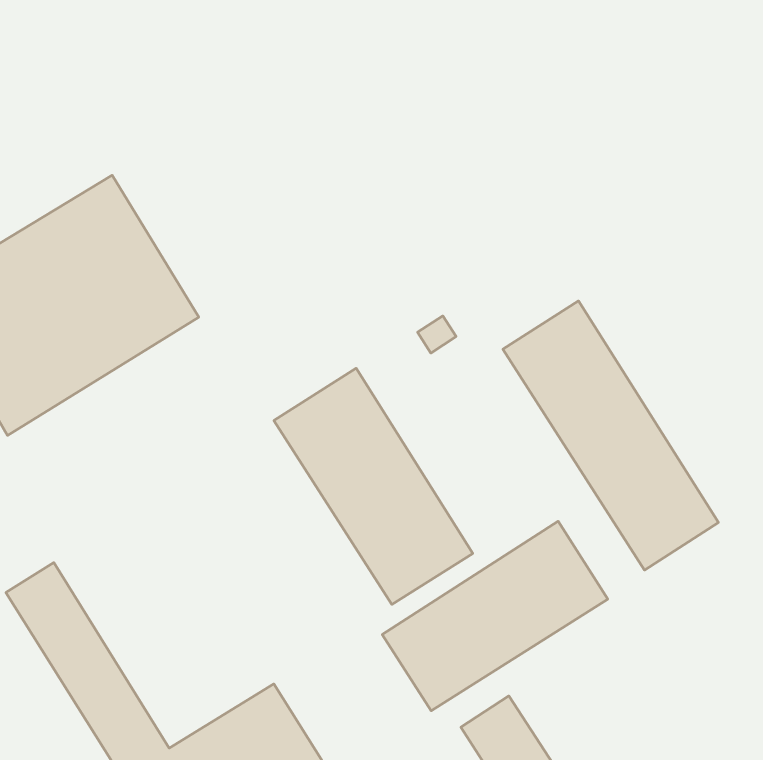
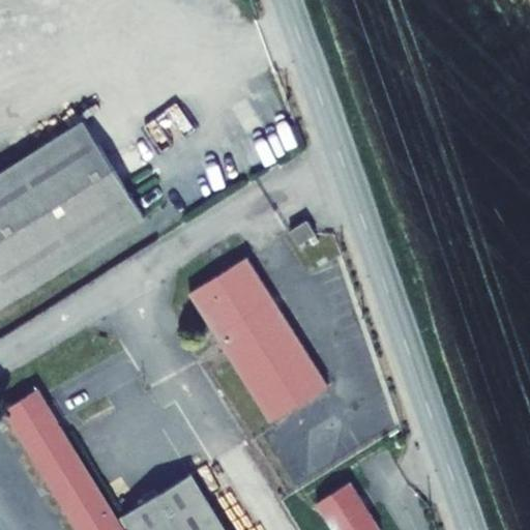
building: [503,301,719,570] -> none
building: [382,521,608,711] -> none

